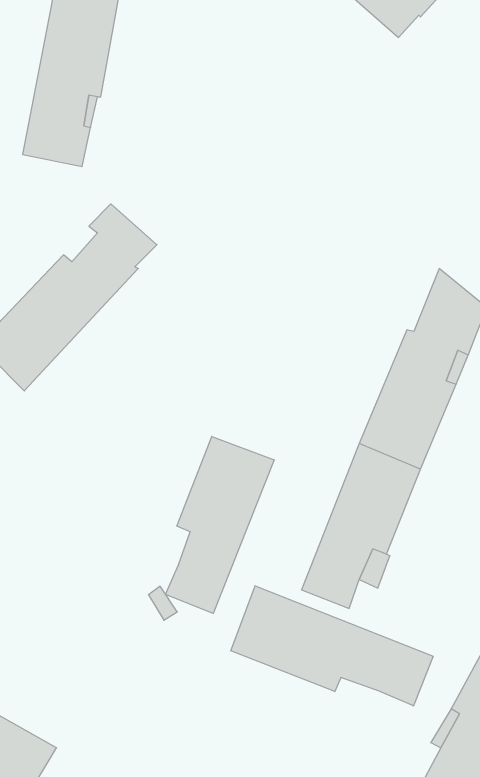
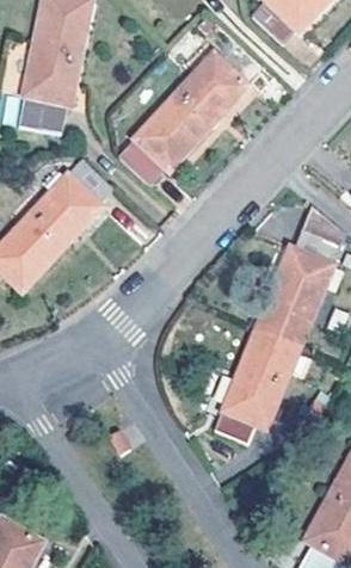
building: none -> [118,58,245,185]
building: [166,436,274,613] -> none
building: [231,586,433,706] -> none

